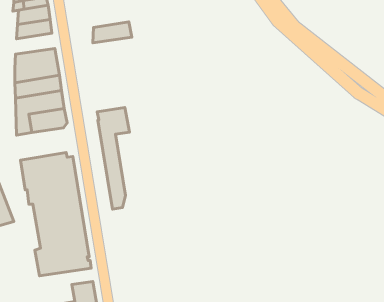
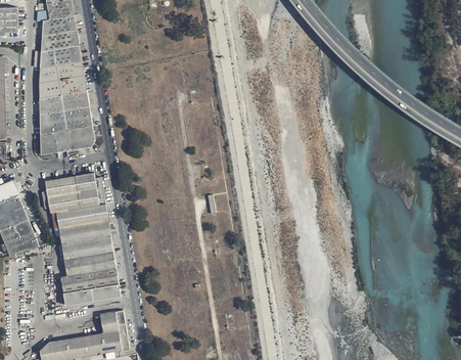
building: [93,22,132,43] -> [40,45,82,68]
building: [97,107,129,209] -> none

